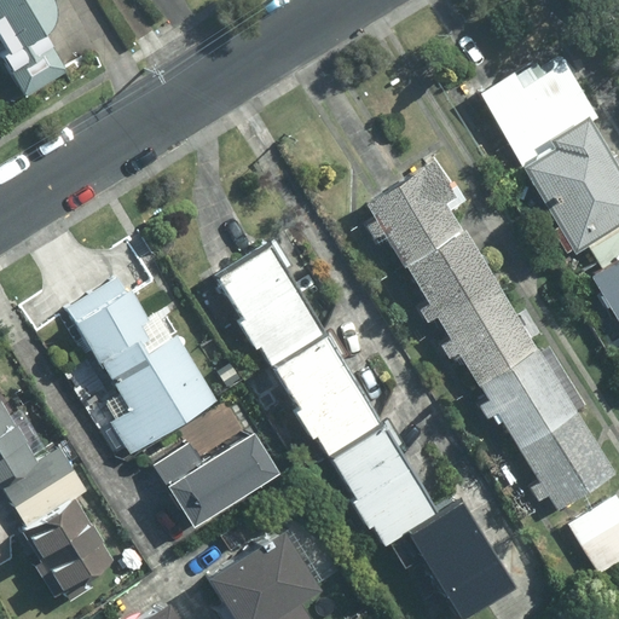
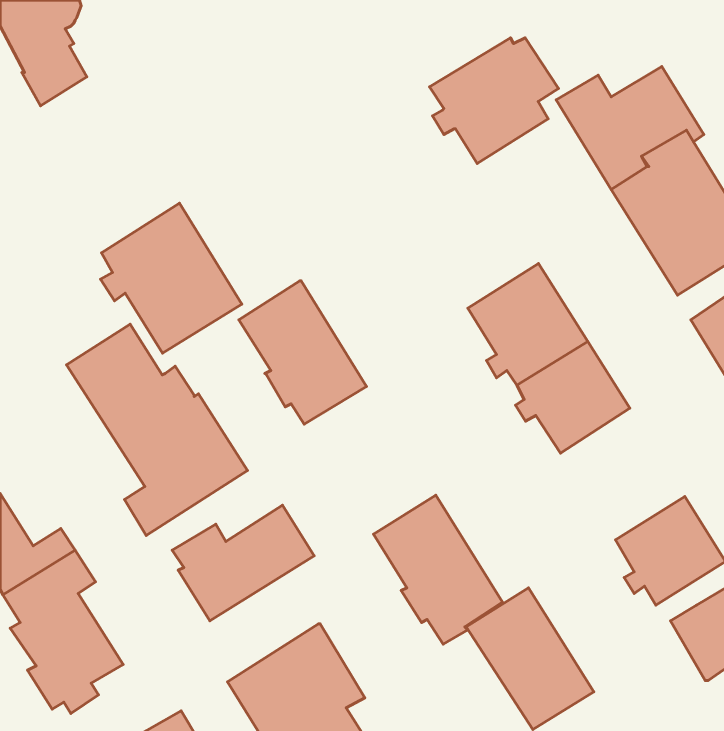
building: [364,160,472,265] -> [430,38,558,164]
building: none -> [100,203,242,353]
building: [267,331,376,452] -> none
building: [480,349,585,458] -> none

